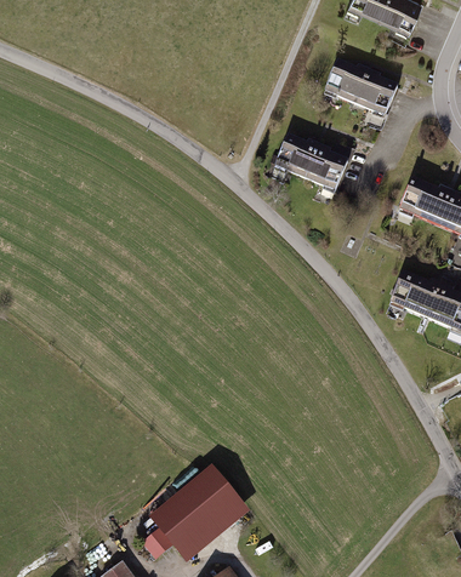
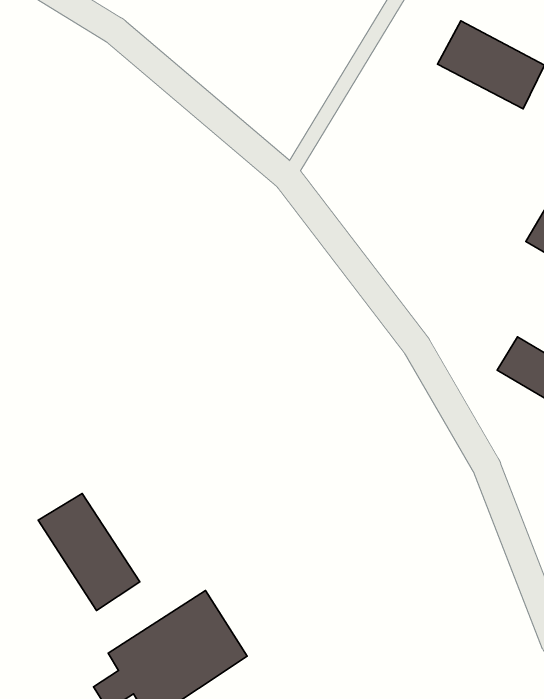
building: [275,137,347,192] -> none
building: none -> [38,494,140,610]

